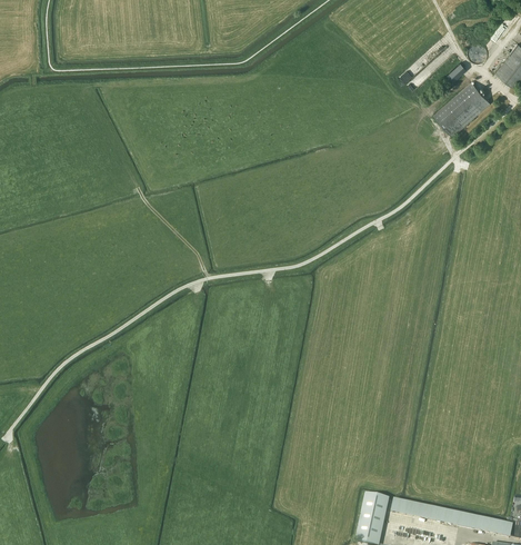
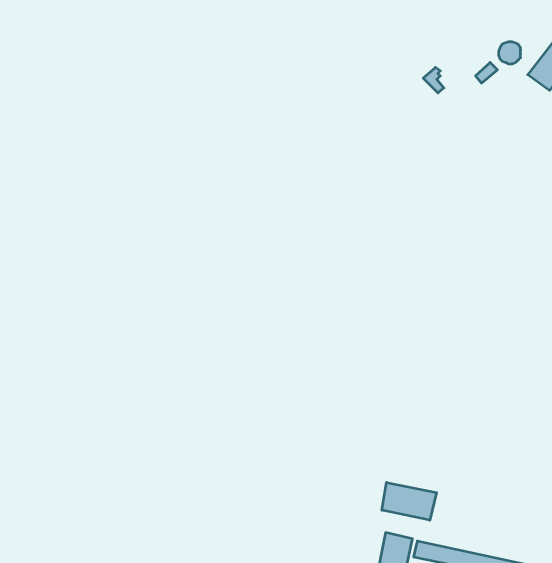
building: [434,80,491,136] -> none
building: none -> [382,482,437,520]

